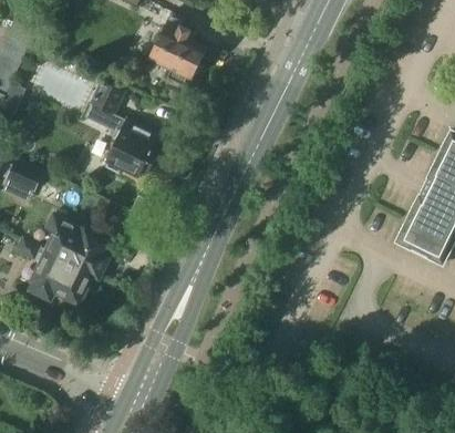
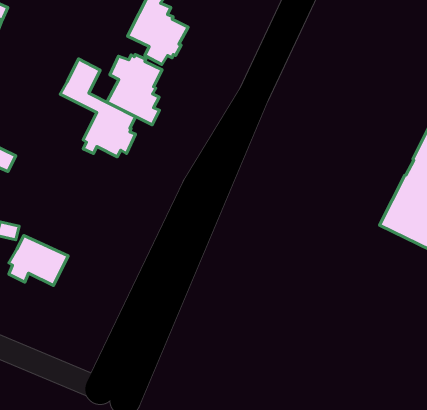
building: none -> [107,54,162,125]
building: [49,216,107,275] -> none

